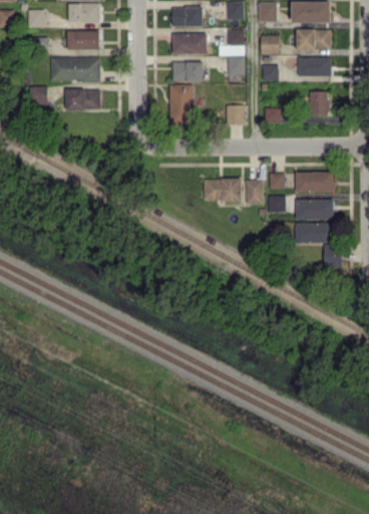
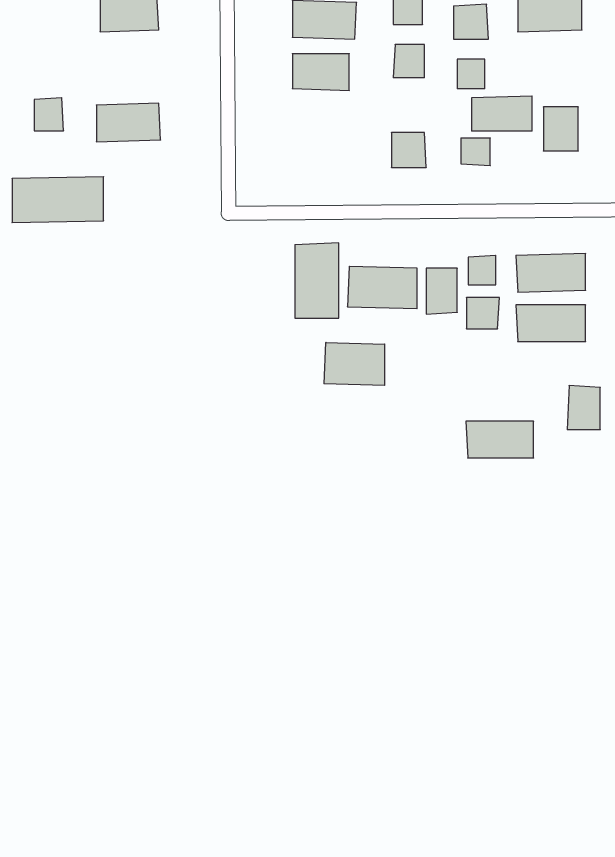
building: [50,57,100,82] -> [12,177,104,223]
building: [299,57,332,76] -> [472,96,532,131]
building: [169,84,194,125] -> [295,243,339,318]
building: none -> [324,342,385,385]
building: [295,223,332,243] -> [466,421,534,458]

